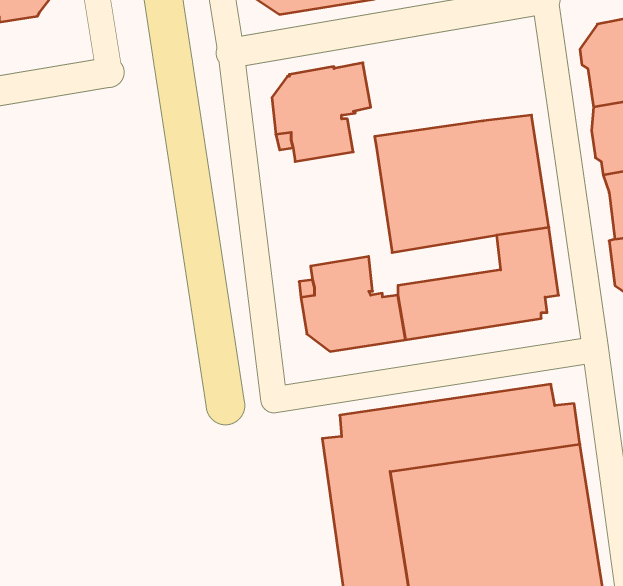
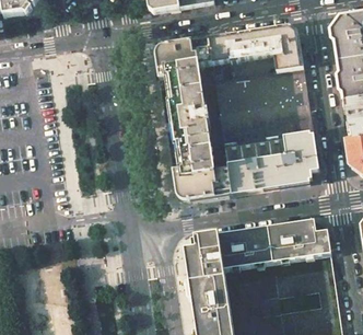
building: none -> [208,24,303,70]
building: none -> [169,88,211,152]
building: none -> [224,135,285,163]

